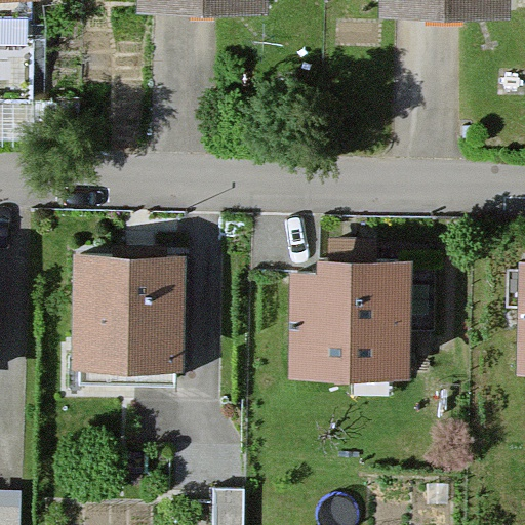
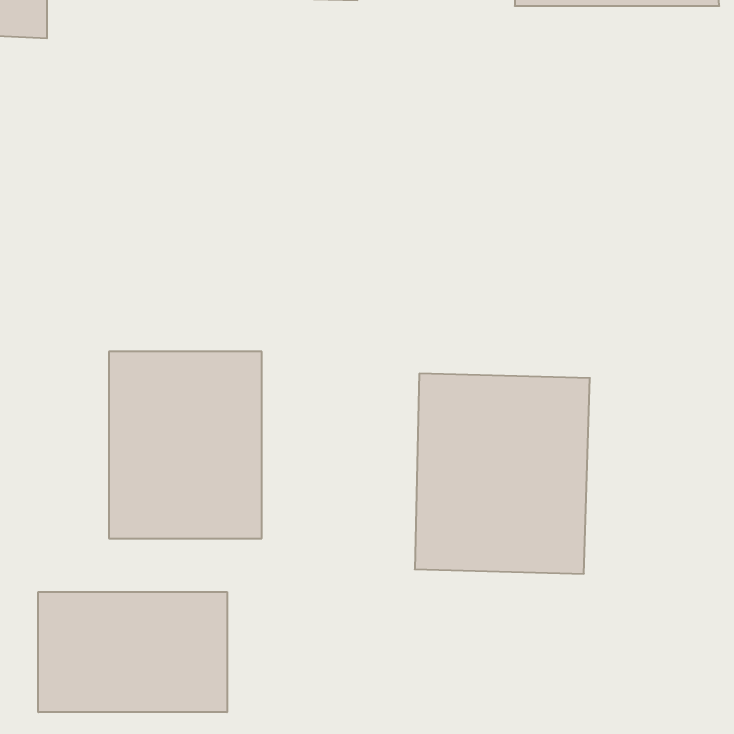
building: none -> [38,592,227,712]

